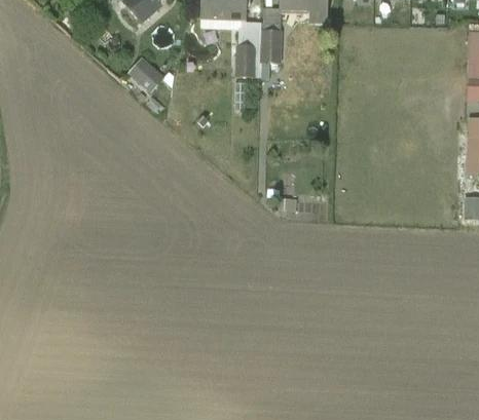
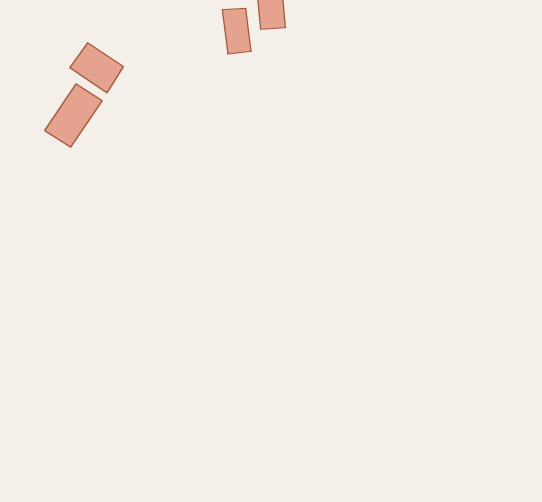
building: none -> [45,84,102,147]

